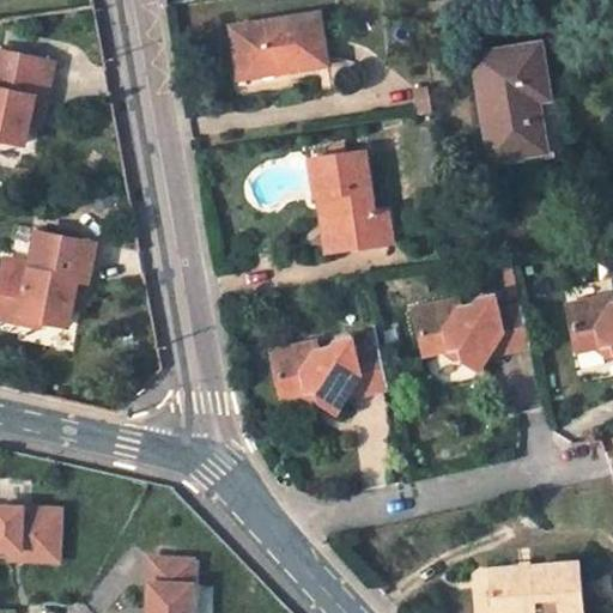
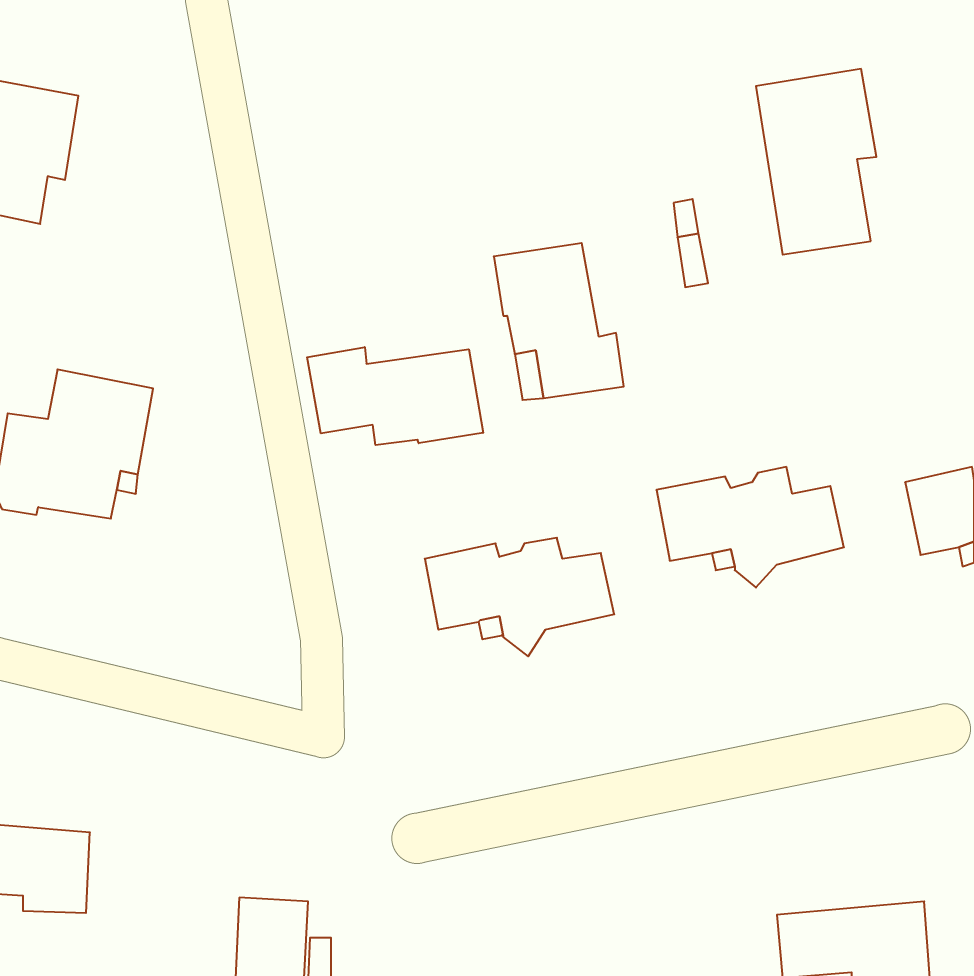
building: [230,13,326,79] -> none
building: none -> [307,347,483,445]

